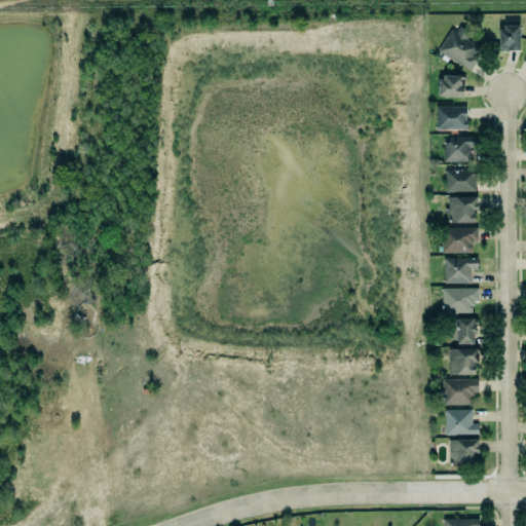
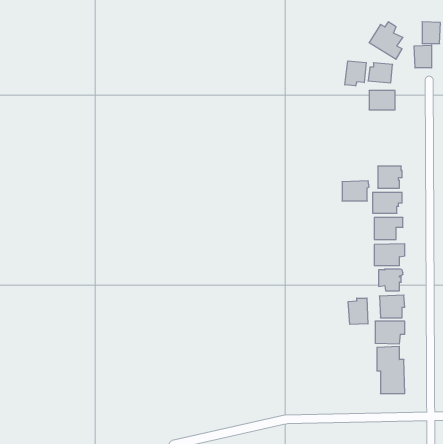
building: none -> [414,45,432,68]
building: none -> [345,61,366,86]
building: [446,138,478,163] -> none
building: [445,170,477,193] -> [342,181,369,201]
building: none -> [348,298,368,324]

